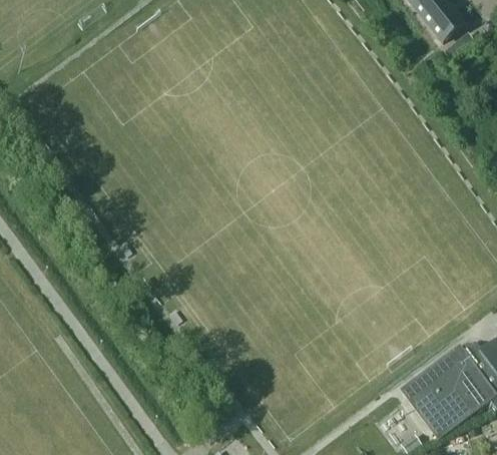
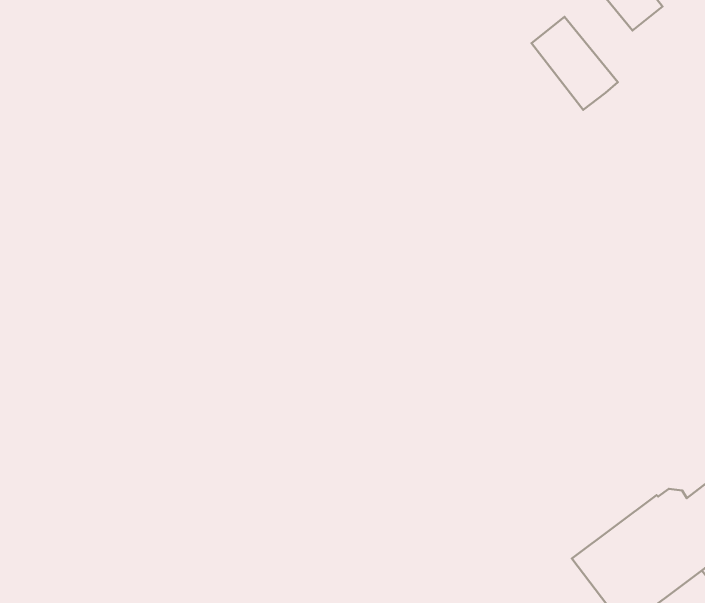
building: none -> [532,17,618,110]

